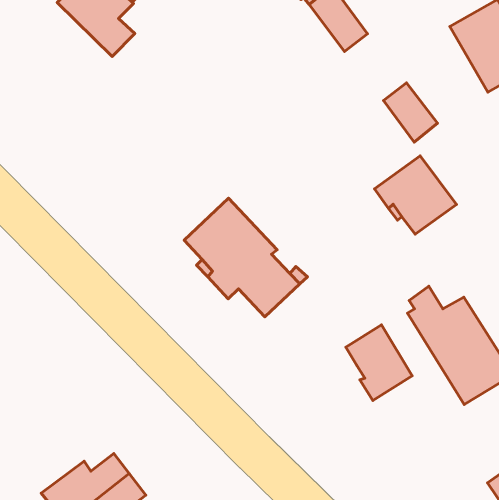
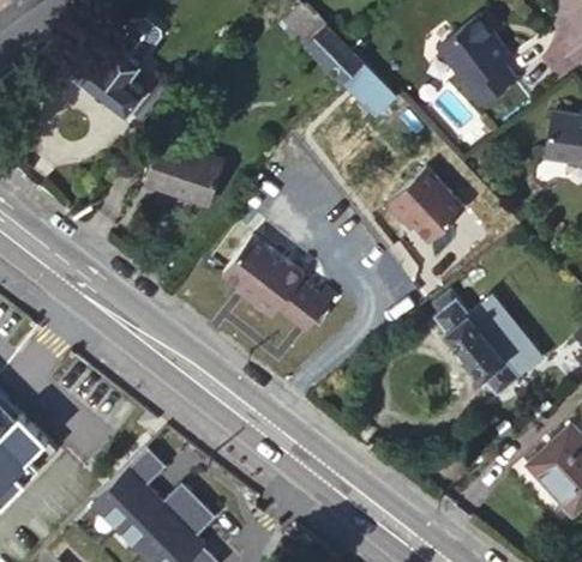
building: [383,83,437,142] -> [343,64,396,117]
building: none -> [146,139,222,205]
building: [346,325,412,400] -> none
building: none -> [89,448,162,528]

